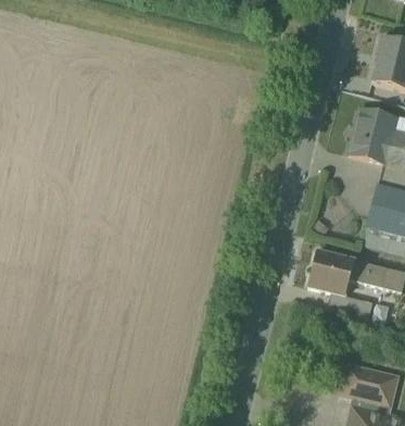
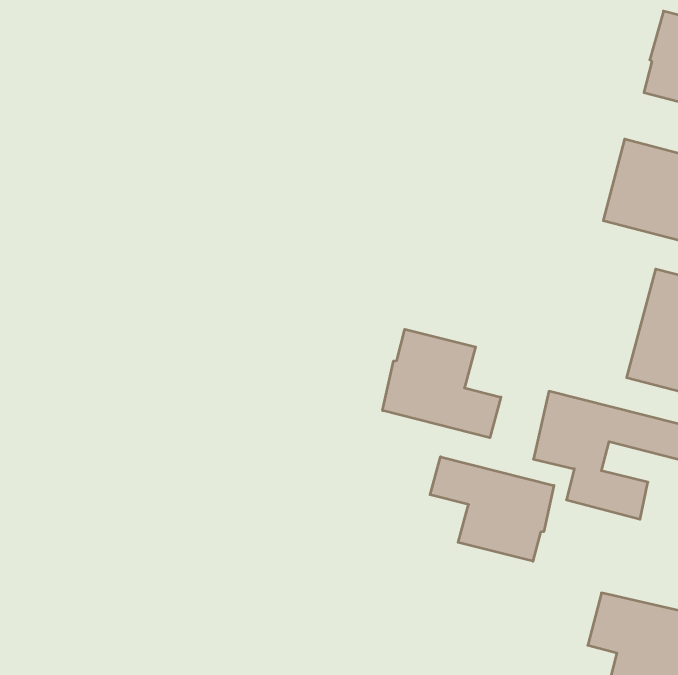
building: none -> [383,329,501,438]
building: none -> [430,457,554,561]

